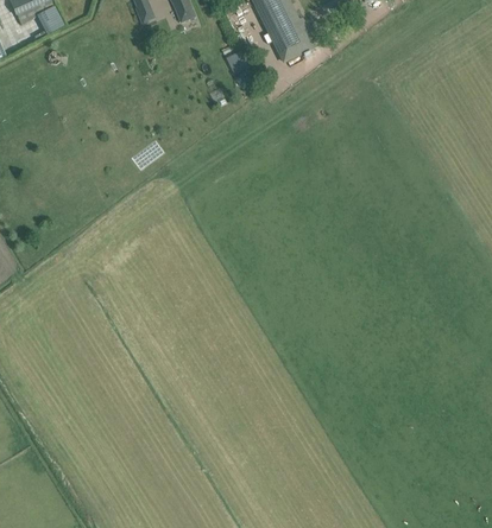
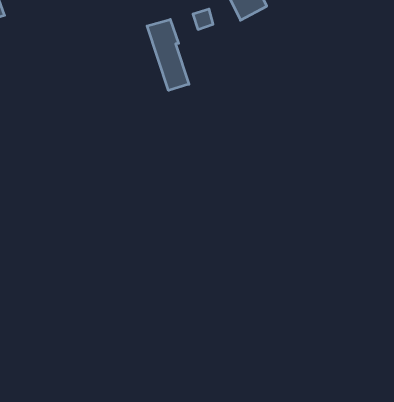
building: none -> [147,19,189,90]

